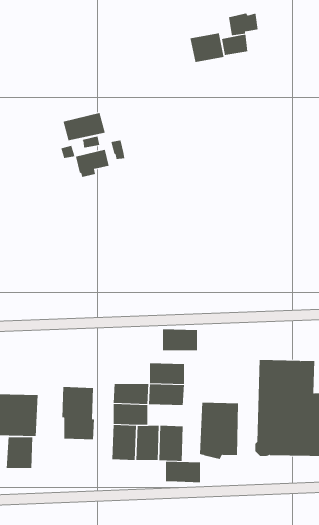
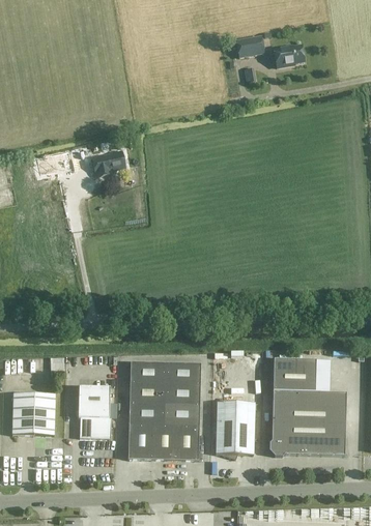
building: [228,13,258,36] -> [274,43,304,66]
building: [190,33,224,63] -> none
building: [63,112,105,141] -> none
building: [162,329,198,351] -> [130,360,165,382]
building: [6,436,33,469] -> none
building: [165,461,201,483] -> [164,403,199,425]

